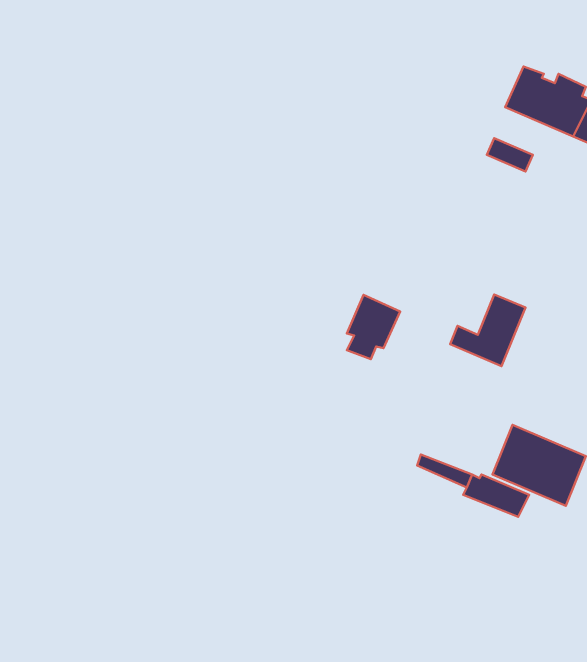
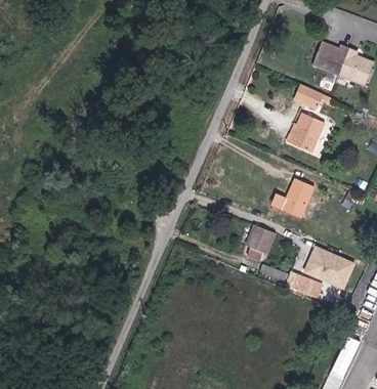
building: none -> [288,109,330,152]
building: [347,295,400,359] -> [246,220,276,256]

